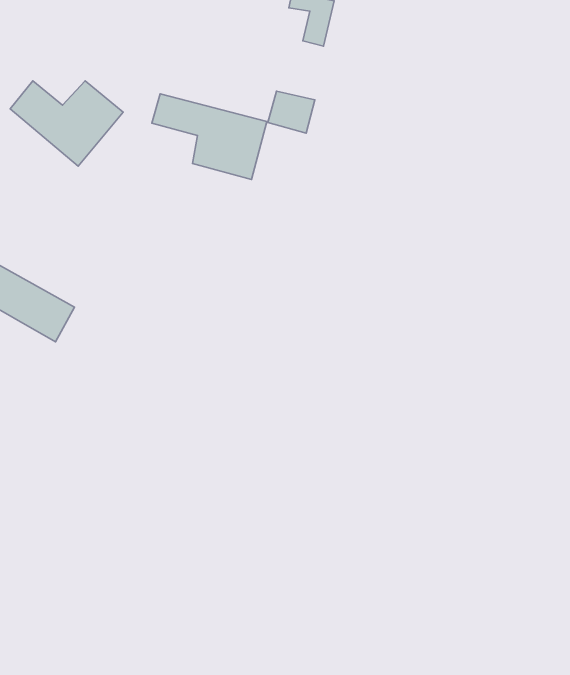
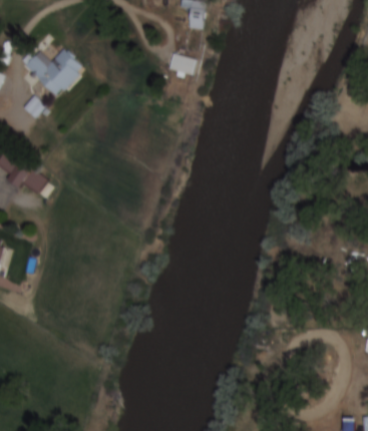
building: [152,94,267,179] -> none

